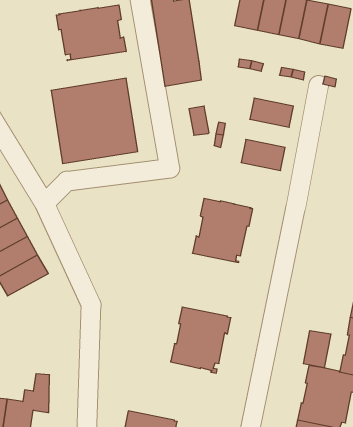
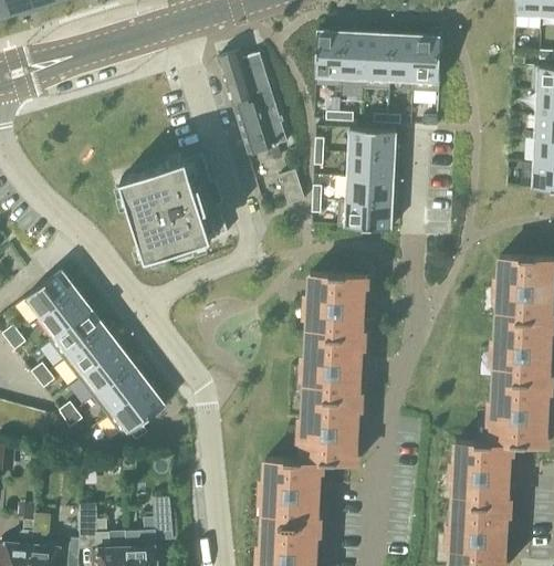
building: [56,5,126,61] -> none
building: none -> [349,129,396,156]
building: none -> [347,178,394,203]
building: none -> [305,337,364,401]
building: none -> [108,385,166,441]
building: [303,331,331,368] -> none
building: none -> [263,459,323,526]

